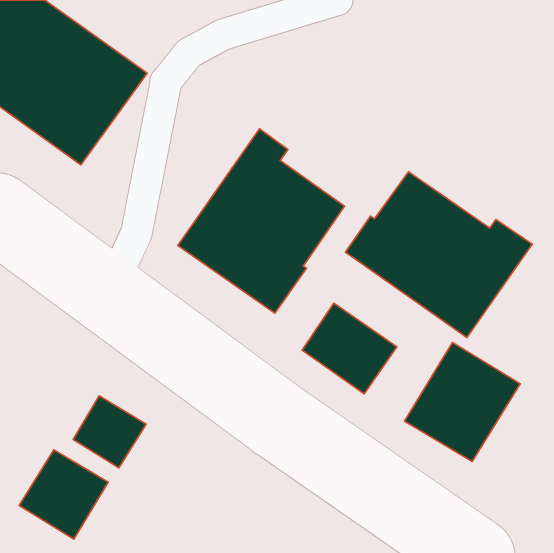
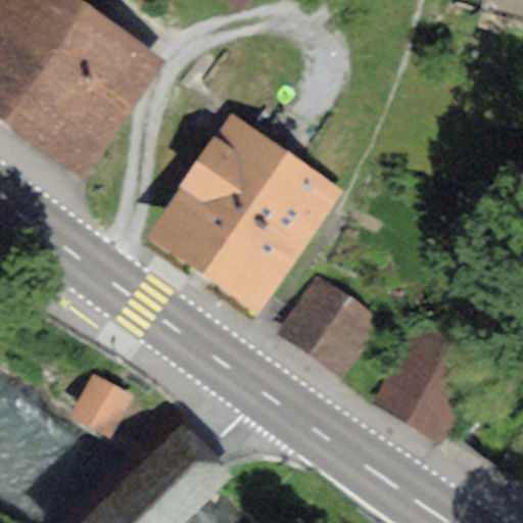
building: [346,172,532,337] -> none
building: [19,450,108,539] -> none

